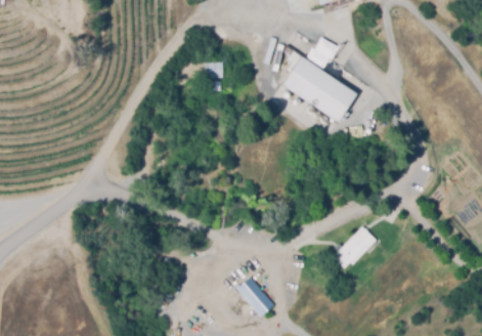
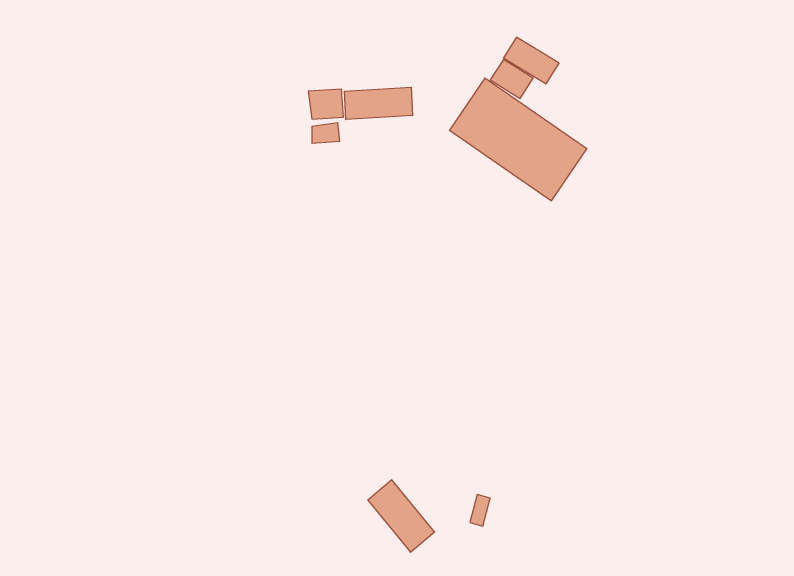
building: none -> [345,87,413,120]
building: [335,225,377,266] -> none

